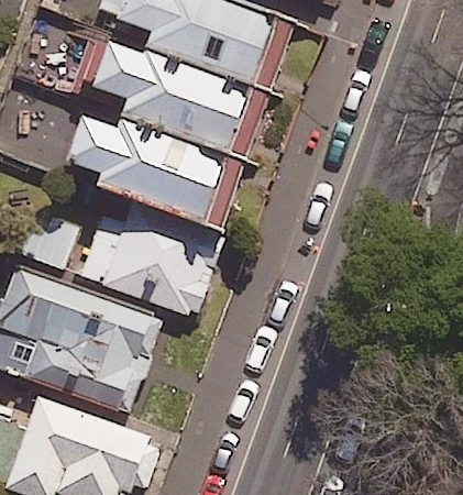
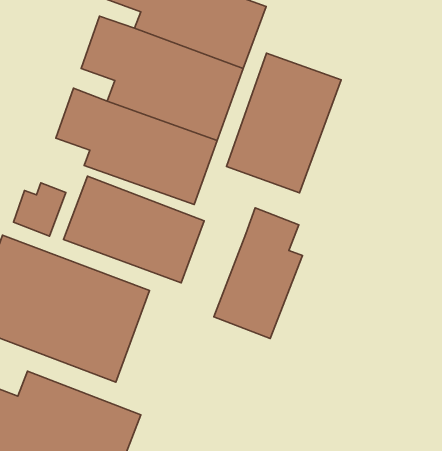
building: none -> [227,53,341,193]
building: none -> [214,208,302,339]

